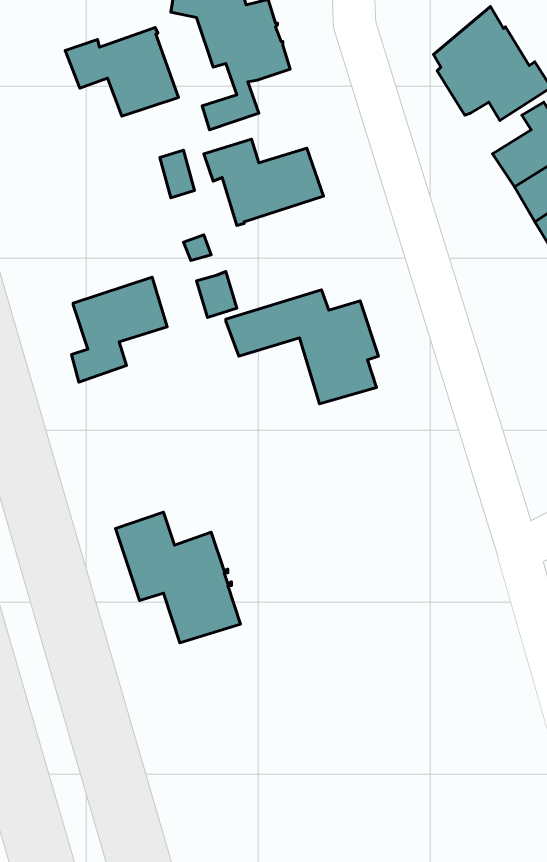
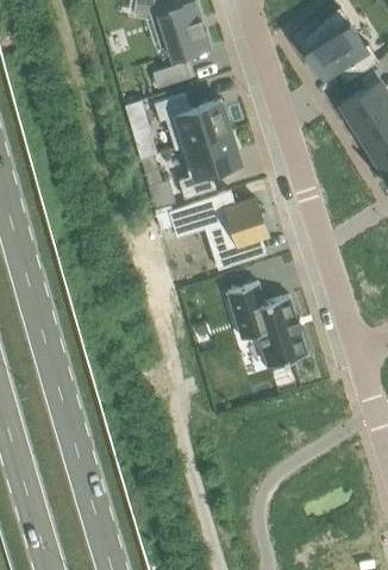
building: [65,28,179,116] -> none
building: [71,277,167,382] -> [179,131,240,199]
building: [116,512,241,643] -> [226,282,307,367]

